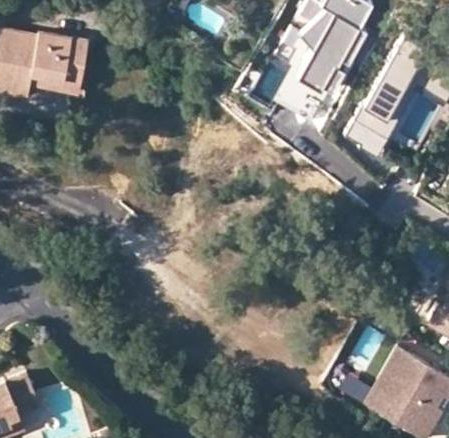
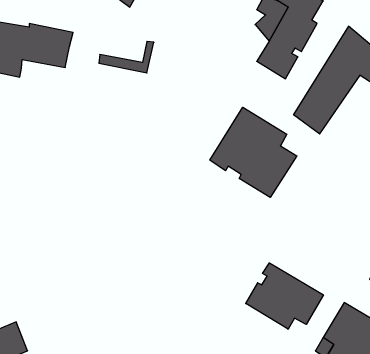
building: [30,58,93,94] -> [99,41,154,73]
building: none -> [210,107,297,197]
building: none -> [246,263,323,329]

